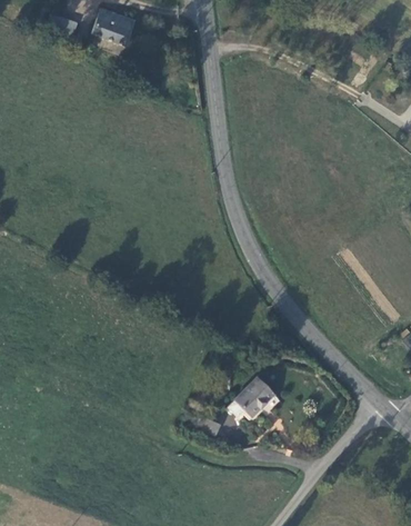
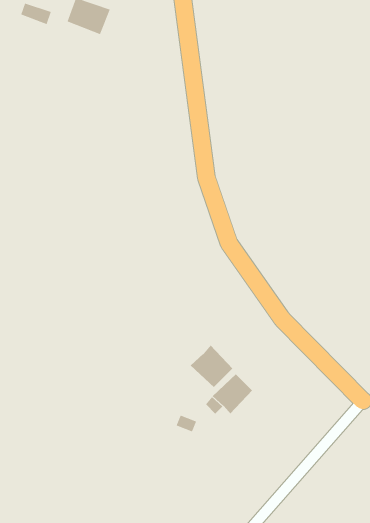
building: none -> [190,345,233,388]

